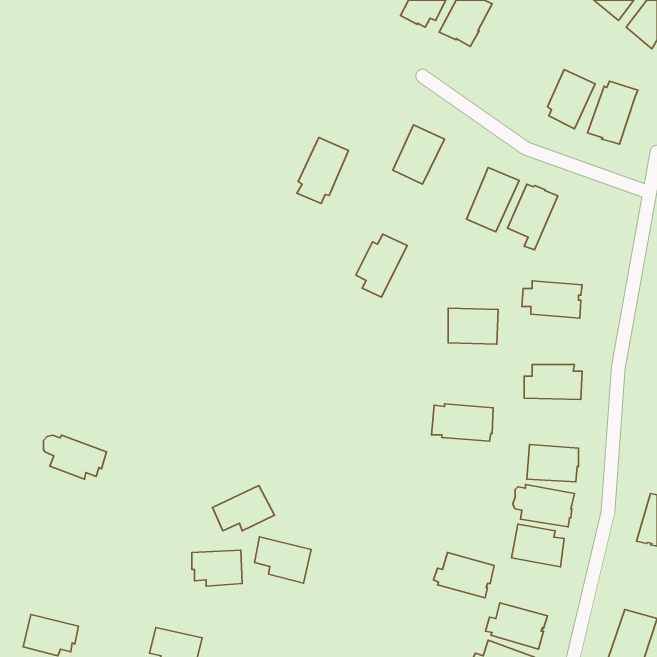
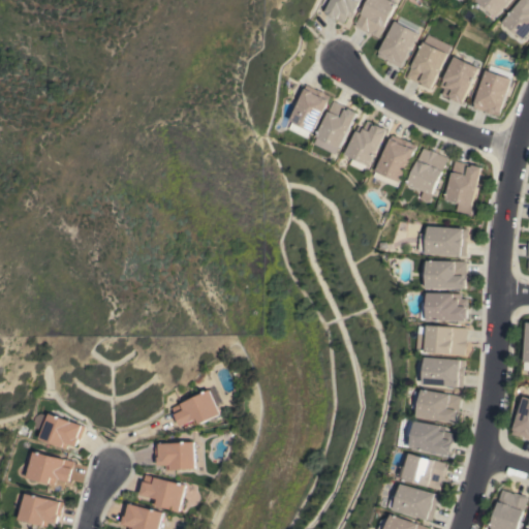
building: none -> [375,17,418,69]
building: none -> [405,34,449,90]
building: [297,138,348,203] -> [286,86,328,138]
building: none -> [445,161,480,214]
building: [356,234,407,297] -> [345,121,386,172]
building: [448,308,498,344] -> [426,260,466,289]
building: [431,404,493,441] -> [416,325,466,355]
building: [43,435,107,479] -> [32,414,83,449]
building: [254,537,311,583] -> [139,475,185,512]
building: [433,553,494,598] -> [399,454,447,490]
building: none -> [26,452,73,486]

